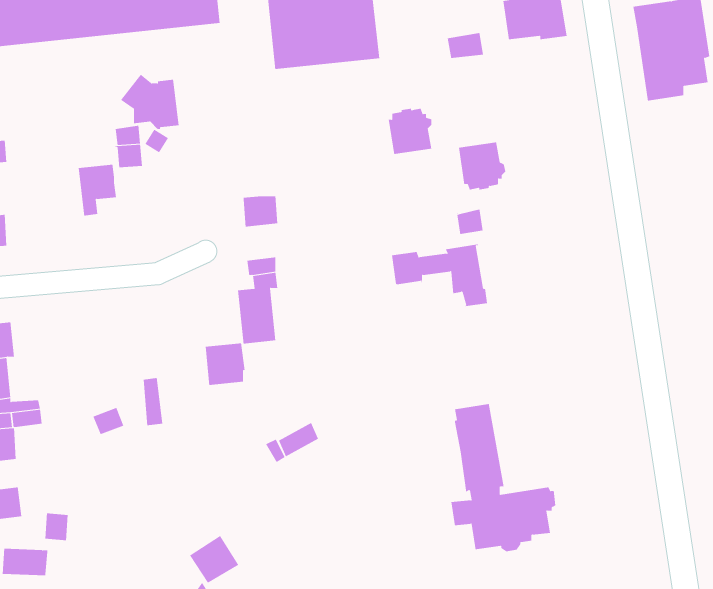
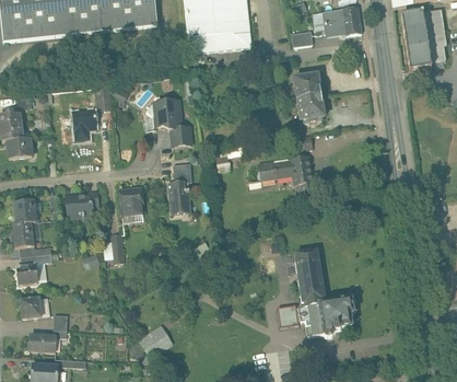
building: [120,74,179,129] -> [147,95,181,128]
building: [388,108,432,154] -> [294,70,320,97]
building: none -> [66,189,93,218]
building: [205,343,246,385] -> [119,187,143,212]

